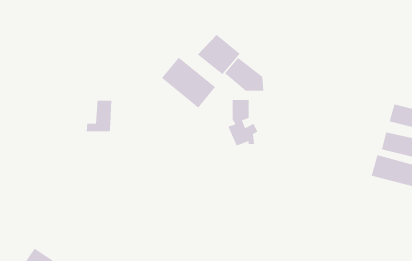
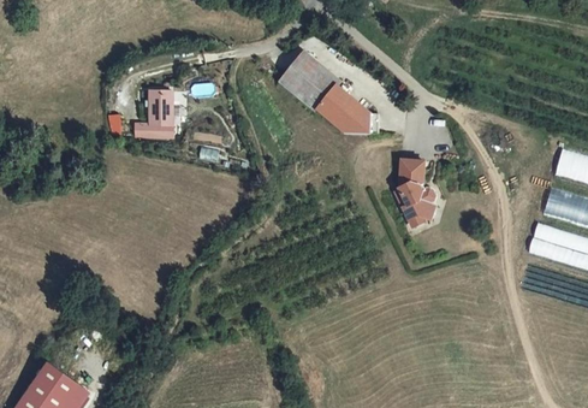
building: [161,57,216,108] -> none
building: [228,99,258,146] -> [398,159,441,225]
building: [86,100,112,132] -> [135,90,172,135]

